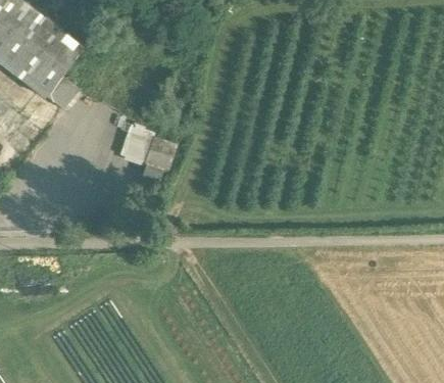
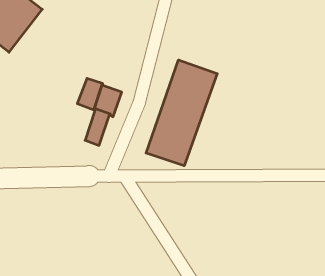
building: [45,75,78,108] -> none
building: none -> [146,60,217,166]

